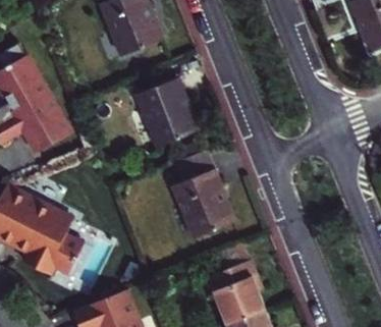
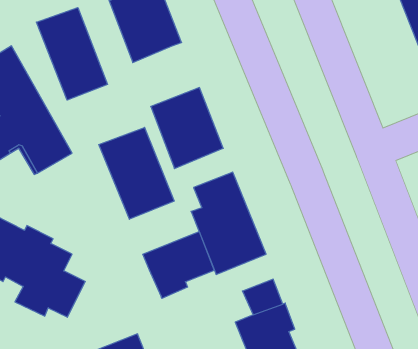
building: none -> [36,8,108,100]
building: none -> [99,127,174,219]
building: none -> [143,232,214,298]

